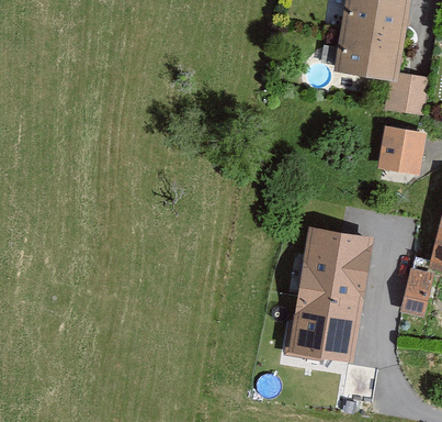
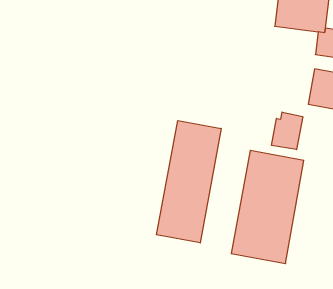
building: none -> [272,112,303,150]
building: none -> [156,121,221,243]

